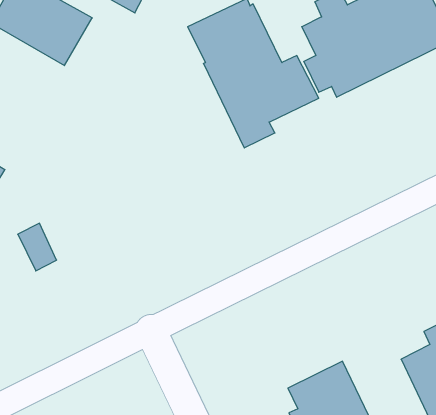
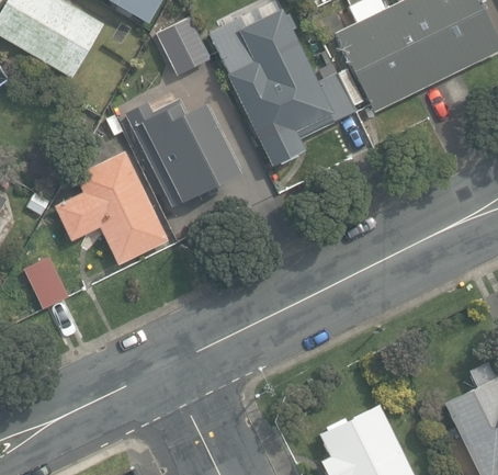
building: none -> [157,18,208,75]
building: none -> [129,101,241,206]
building: none -> [55,151,168,264]

